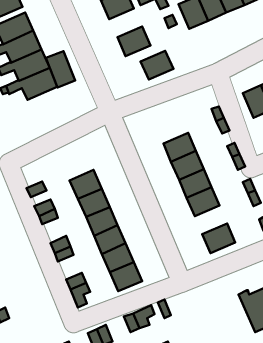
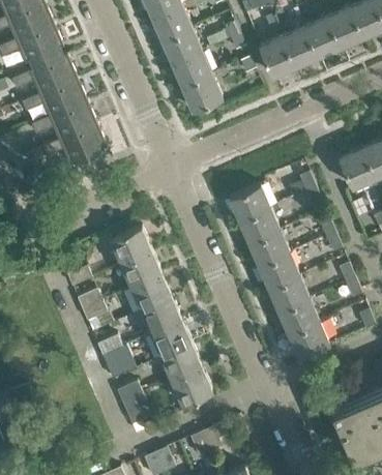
building: [141,51,174,80] -> [171,50,212,86]
building: [46,51,75,87] -> none
building: none -> [229,183,270,219]
building: none -> [111,229,151,266]
building: none -> [278,297,319,333]

